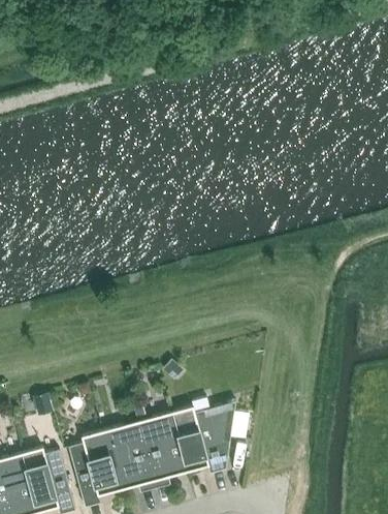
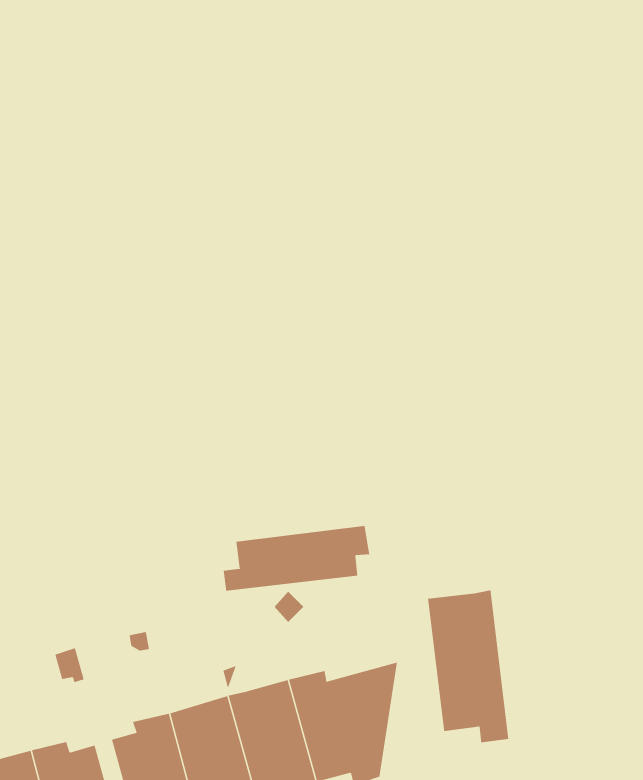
building: none -> [223,525,370,591]
building: none -> [427,590,509,743]

